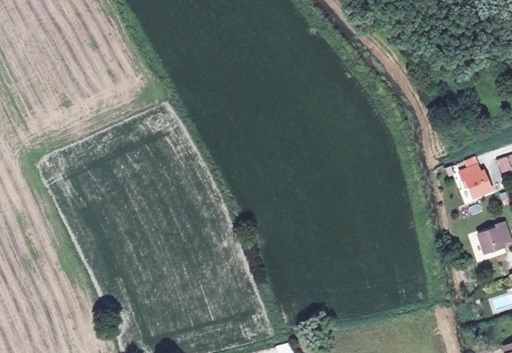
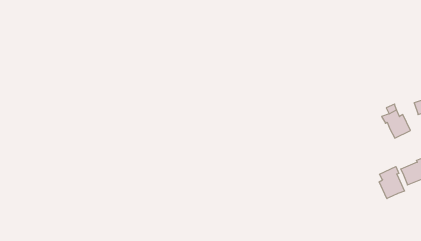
building: none -> [379,167,404,199]

